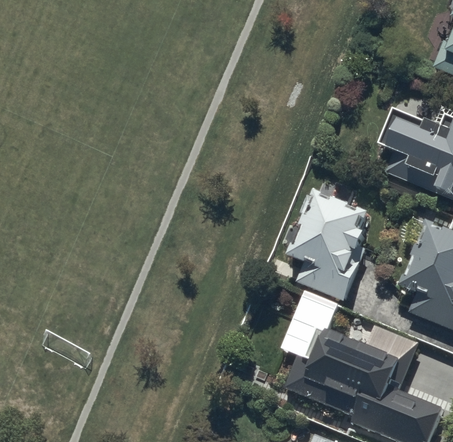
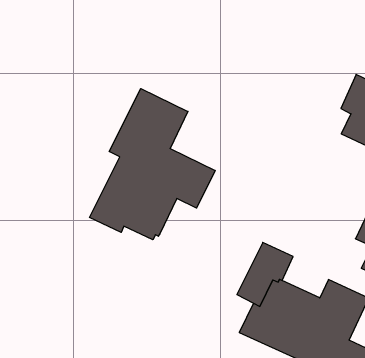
building: none -> [90,89,215,240]
building: [285,188,367,302] -> none

